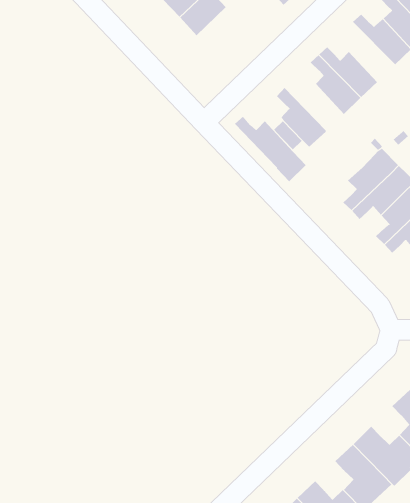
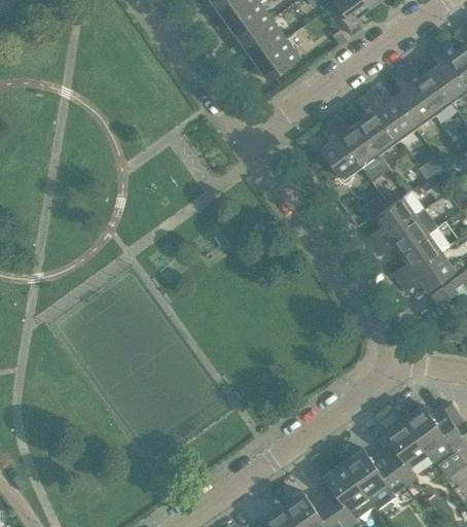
building: none -> [254,39,300,81]
building: none -> [393,70,435,130]
building: [234,116,307,182] -> [329,115,391,183]

